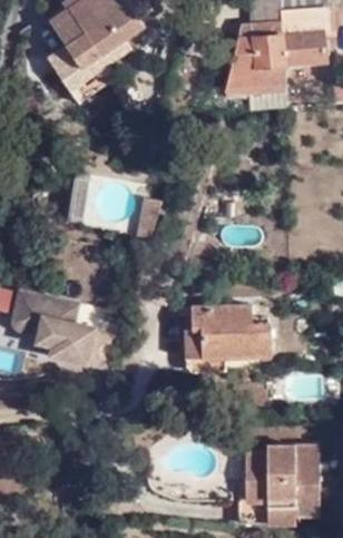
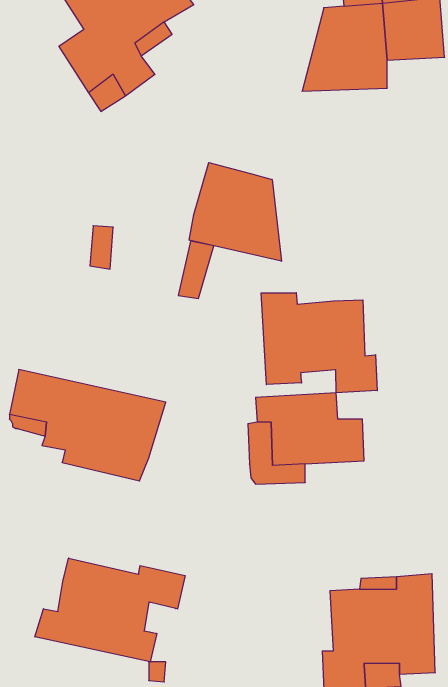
building: none -> [189,163,281,261]
building: none -> [261,293,377,393]
building: none -> [35,558,185,662]

